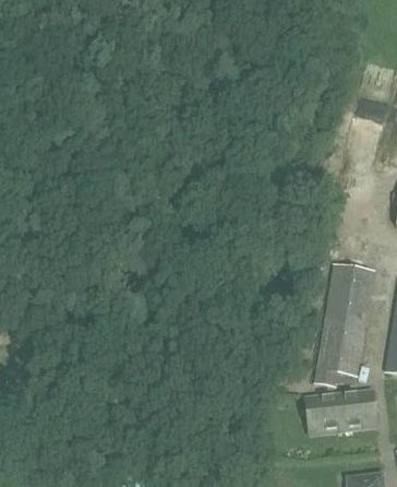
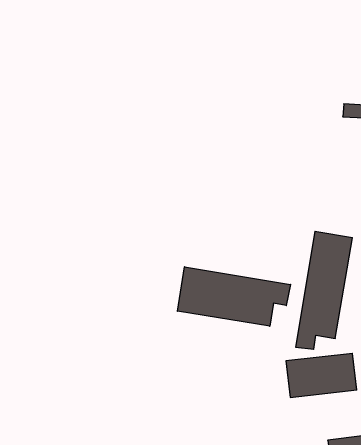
building: none -> [177,267,291,326]

